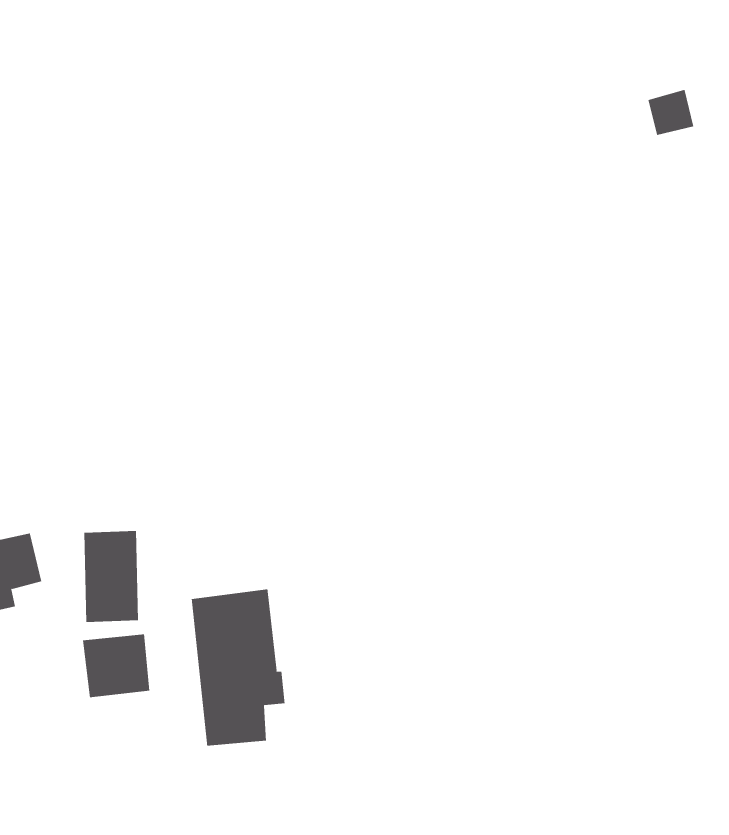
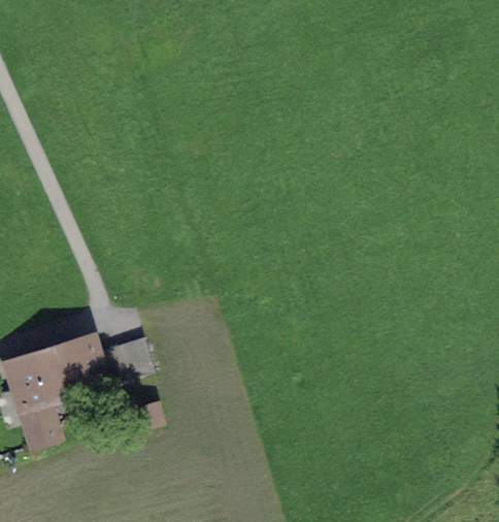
building: [191,588,285,746] -> none

